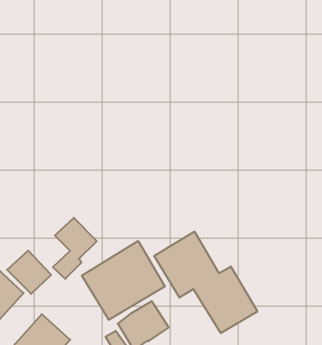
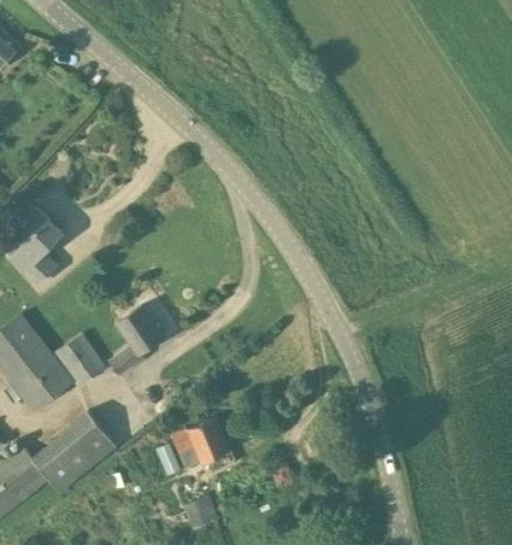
building: [154,232,257,333] -> none
building: [82,241,165,320] -> none

